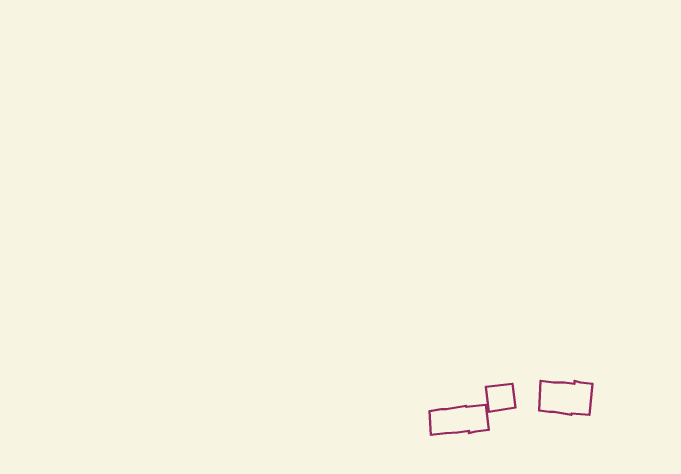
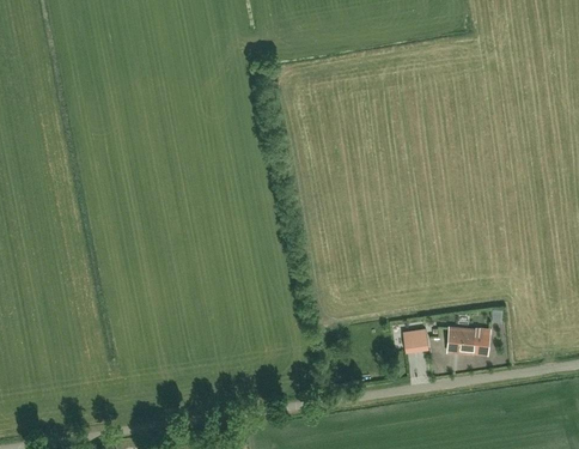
building: [430,405,489,435] -> none

